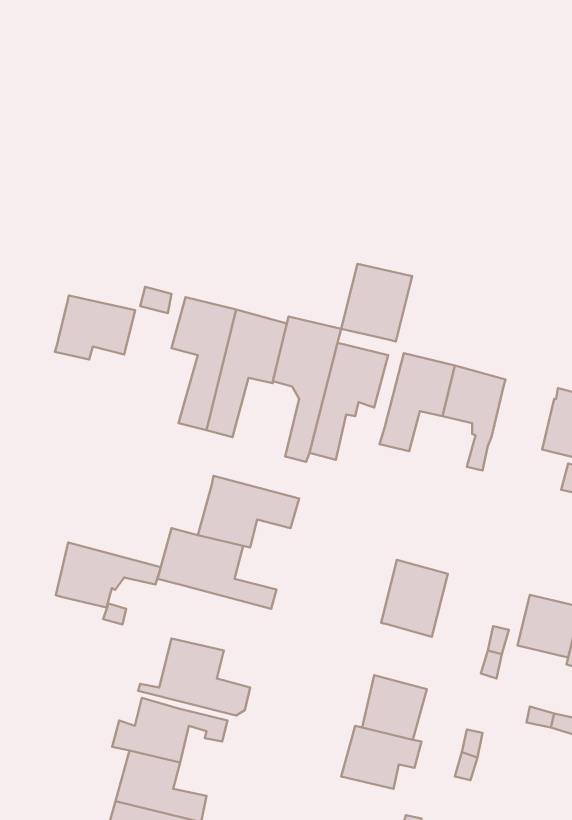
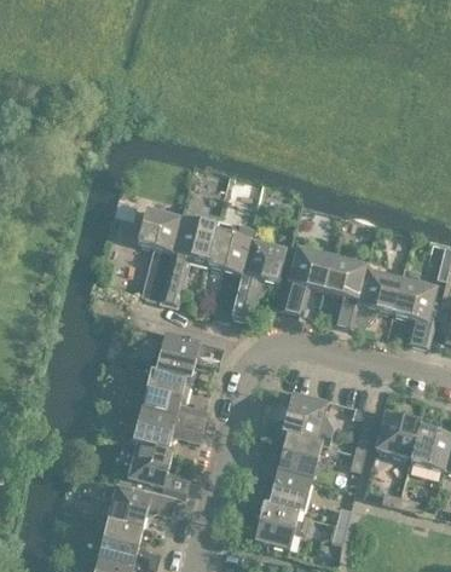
building: [341,264,412,341] -> none
building: [55,296,135,360] -> none
building: none -> [351,271,400,331]
building: [56,543,161,607] -> [132,408,204,452]
building: none -> [276,435,320,480]

